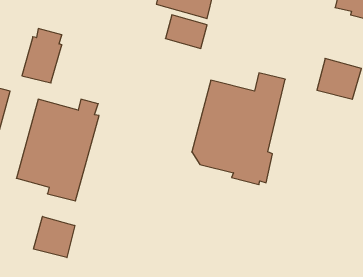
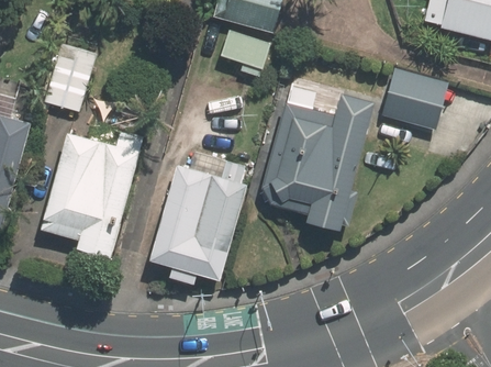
building: none -> [152,152,246,278]
building: [34,216,75,258] -> none

